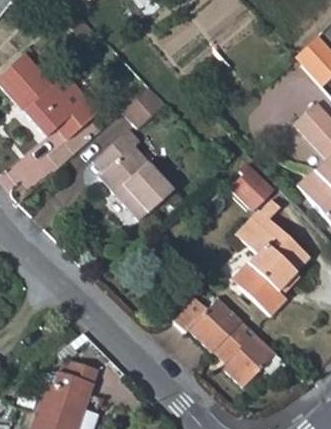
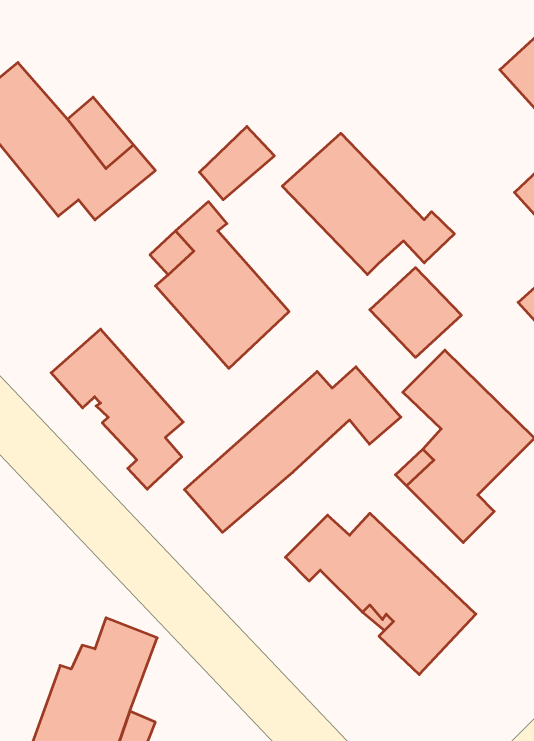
building: none -> [282,133,454,275]
building: none -> [51,329,183,489]
building: none -> [184,367,401,532]

